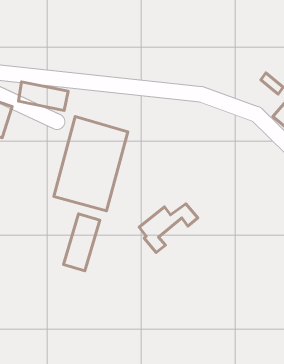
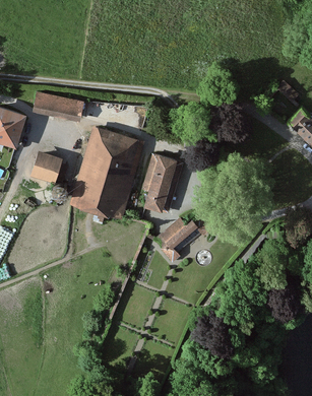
building: none -> [27,150,60,185]
building: [63,214,100,271] -> [143,156,180,213]

